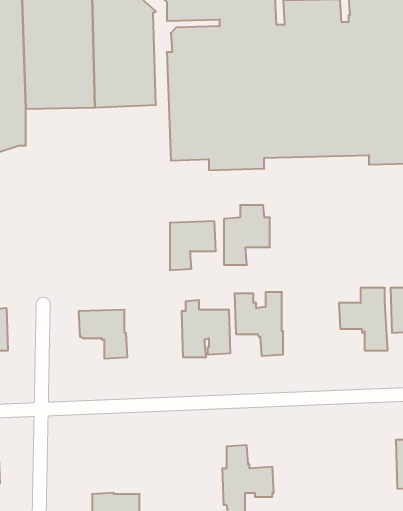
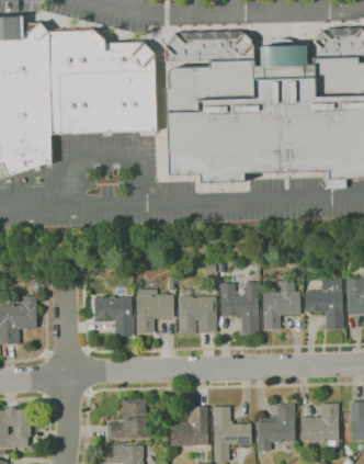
building: [224,205,270,265] -> [263,281,300,329]
building: [170,221,216,270] -> [137,294,174,333]
building: none -> [107,399,147,439]
building: none -> [258,404,296,451]
building: none -> [302,404,339,450]
building: none -> [170,406,208,445]

